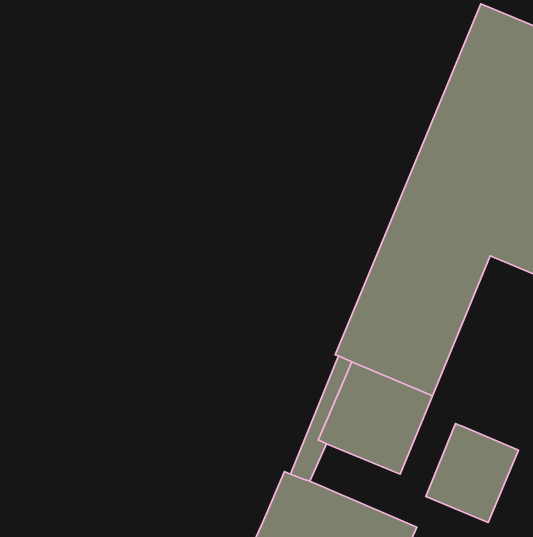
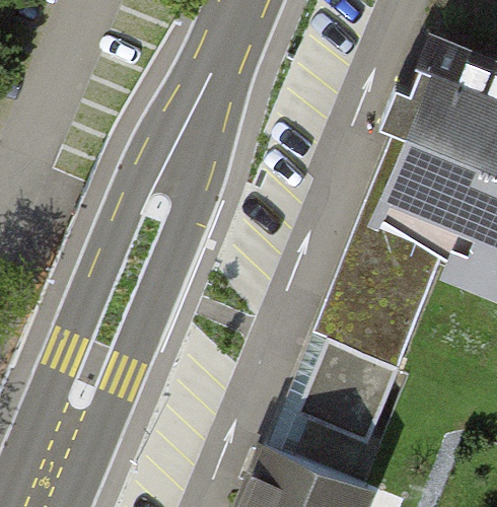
building: [426,423,519,523] -> none

